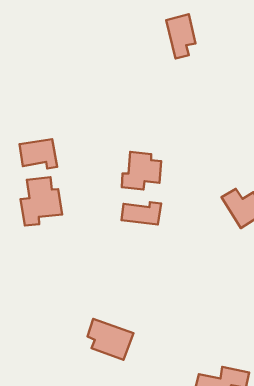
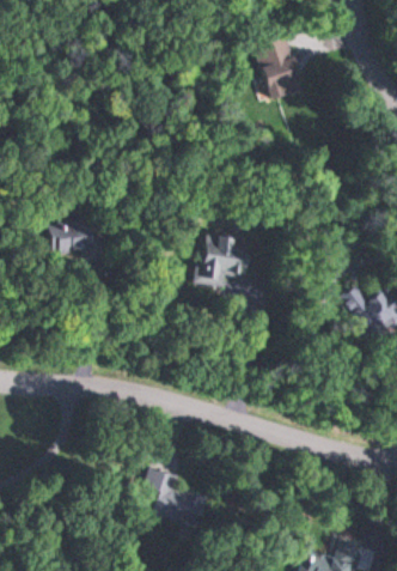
building: [21,177,62,225] -> none
building: [122,202,161,224] -> none

